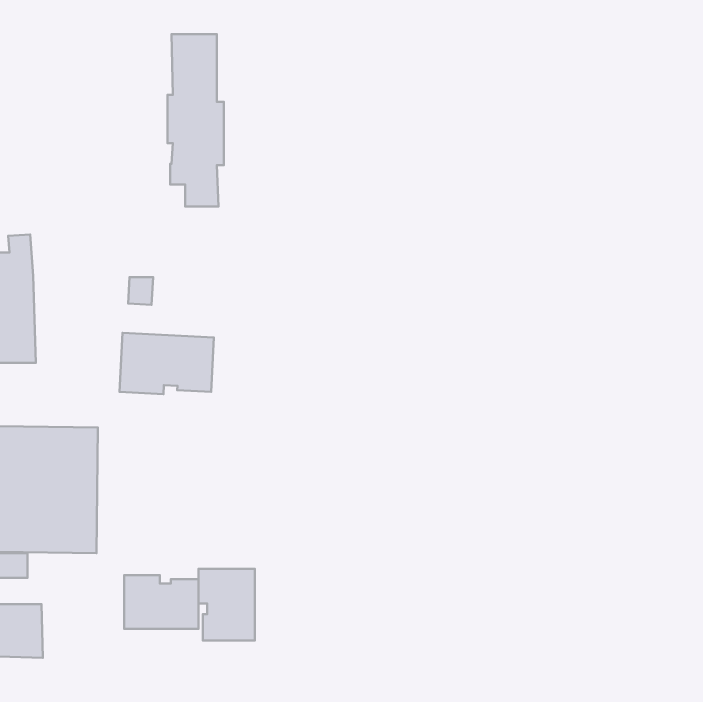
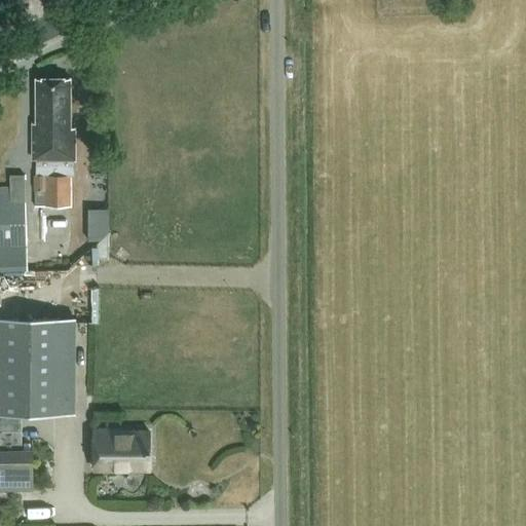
building: [167,34,224,207] -> [32,80,74,209]
building: [120,333,214,394] -> none
building: [198,569,255,641] -> none

